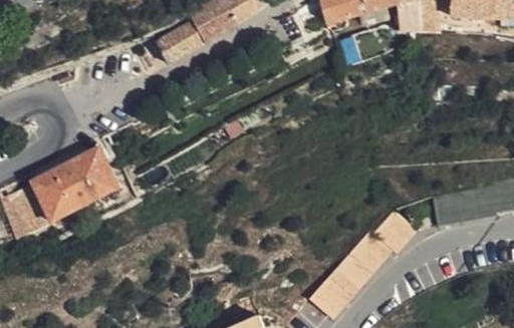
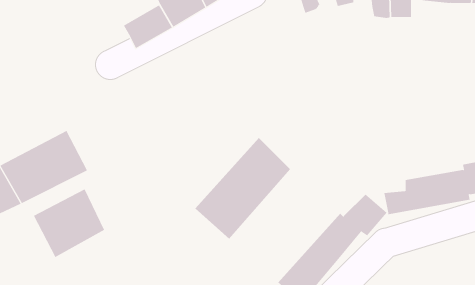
building: none -> [195,137,291,240]
building: none -> [33,188,105,258]

